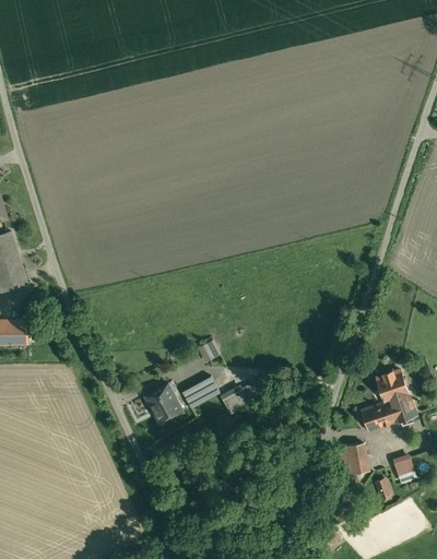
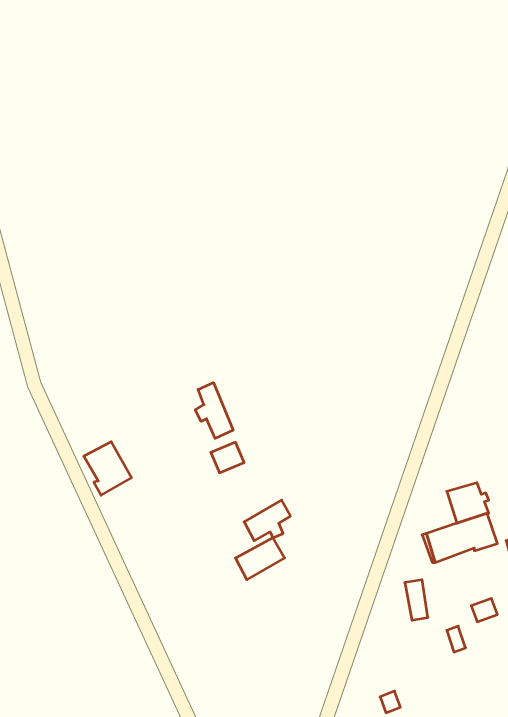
building: none -> [195,383,233,438]
building: [182,377,220,408] -> [235,538,285,580]
building: [147,384,184,425] -> [84,442,131,495]

